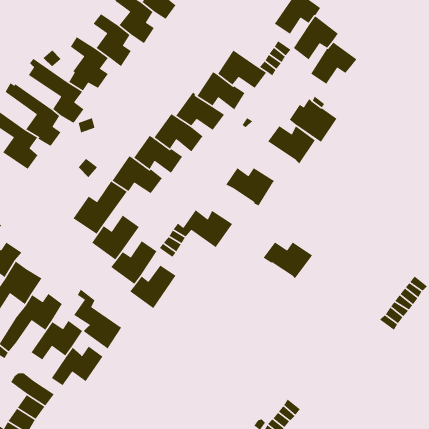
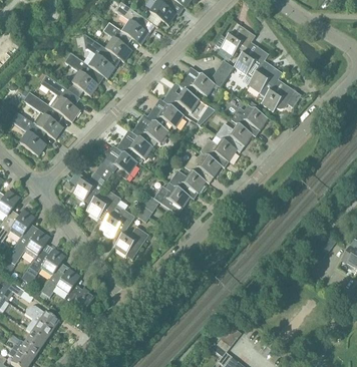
building: none -> [262,78,303,110]
building: none -> [202,137,238,166]
building: [263,241,313,279] -> [169,169,207,198]
building: [73,289,122,349] -> none

